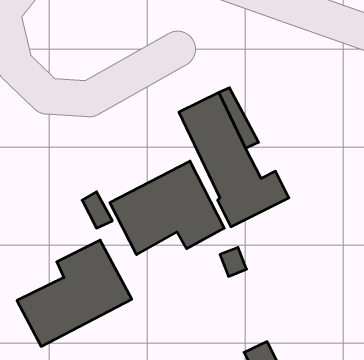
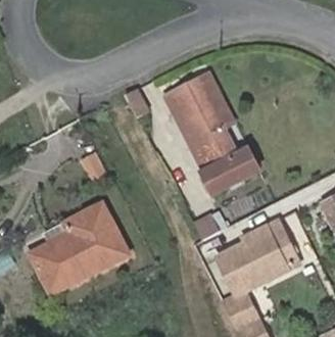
building: [110,161,224,255] -> none
building: none -> [216,219,296,290]

